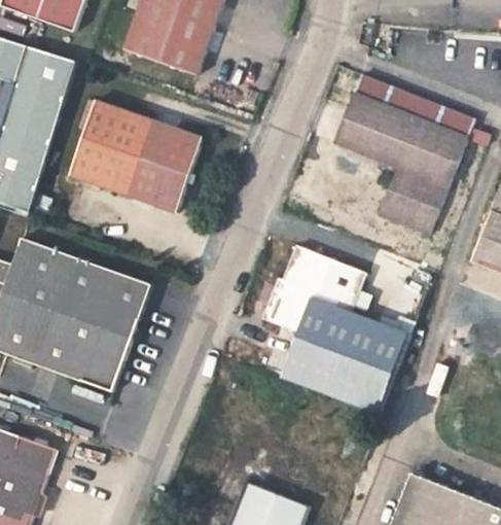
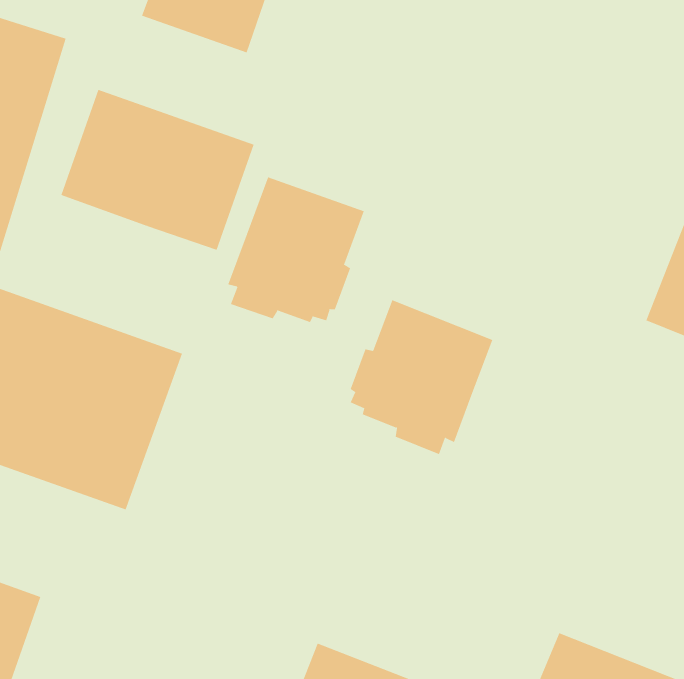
building: [336,75,473,234] -> none
building: none -> [228,177,364,323]
building: [284,311,409,416] -> none

